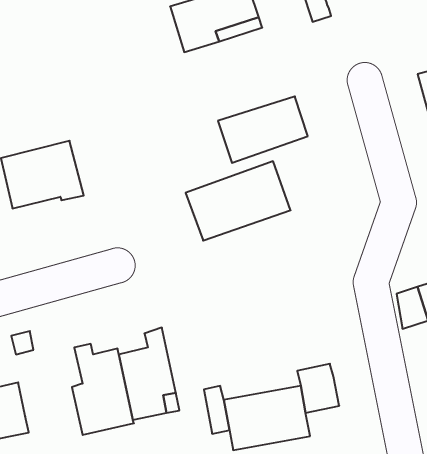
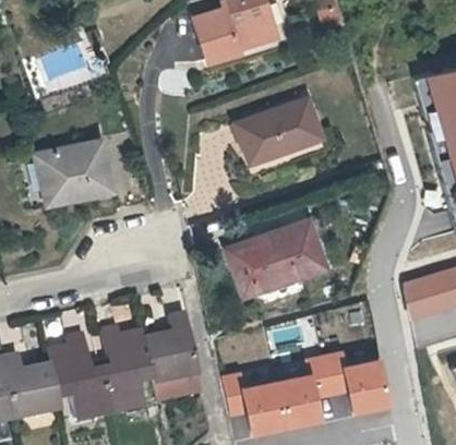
building: [186,161,291,241] -> [230,220,328,294]
building: none -> [48,336,111,424]
building: none -> [346,353,393,407]

